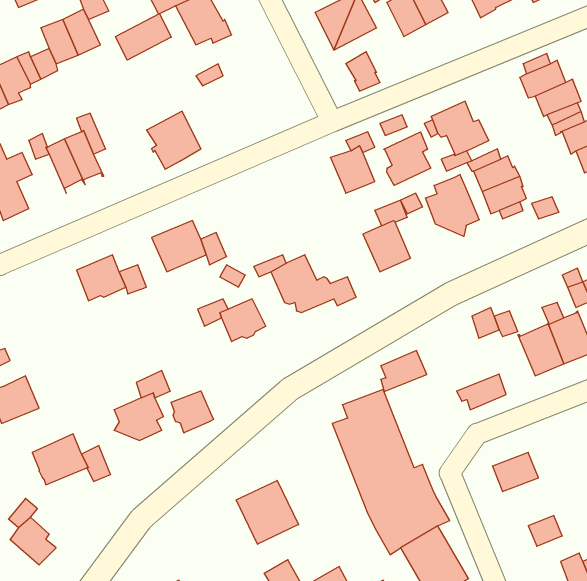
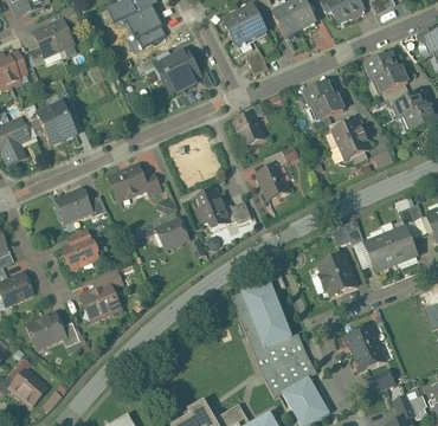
building: [116,14,171,60] -> none
building: [146,111,201,169] -> [161,49,199,89]
building: [384,132,431,185] -> none
building: [425,174,479,236] -> none
building: none -> [63,228,98,269]
building: [381,351,427,392] -> [318,254,350,283]
building: [171,391,214,433] -> none
building: none -> [353,343,385,370]
building: [236,480,299,544] -> none

